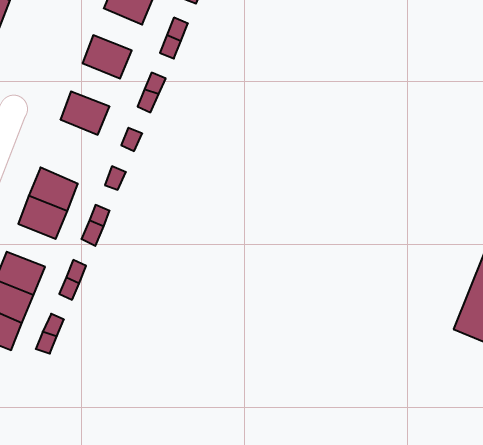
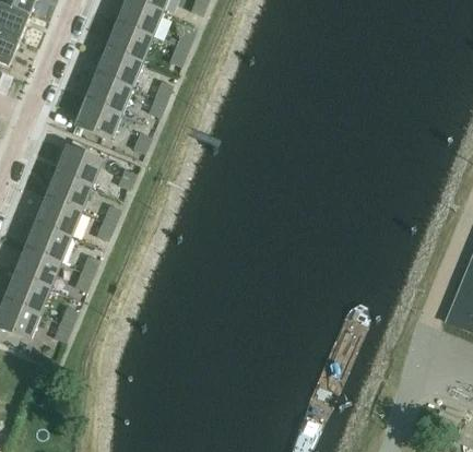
building: none -> [107,17,153,57]
building: none -> [86,69,132,109]
building: none -> [58,141,104,181]
building: none -> [26,218,72,259]

